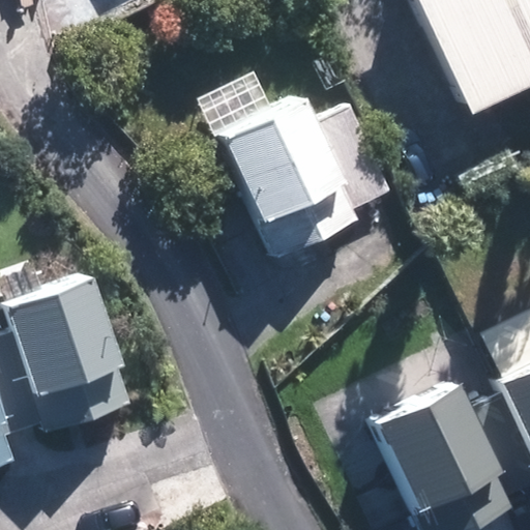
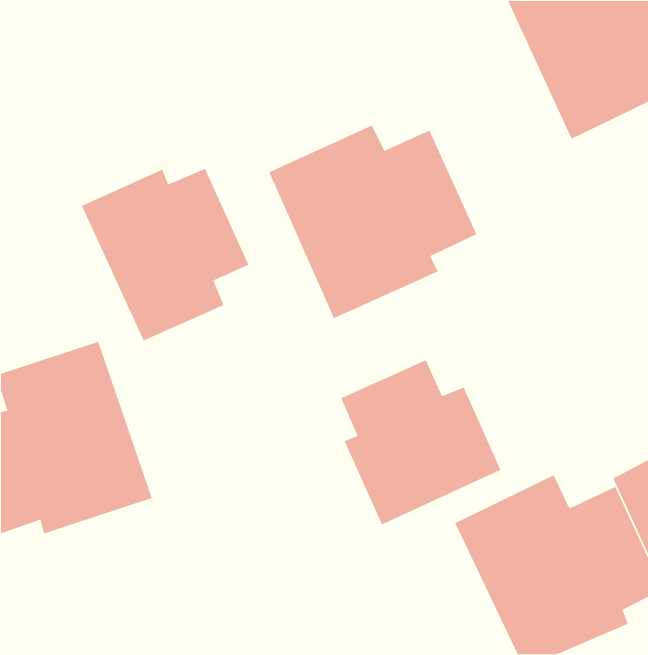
building: none -> [81,168,250,342]
building: none -> [340,359,502,525]

